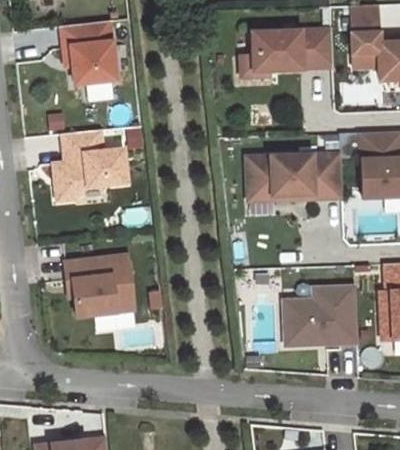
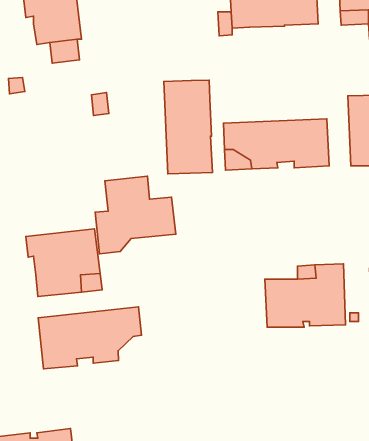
building: none -> [164,80,212,174]
building: [52,130,126,201] -> [95,176,176,254]
building: none -> [38,307,142,369]

